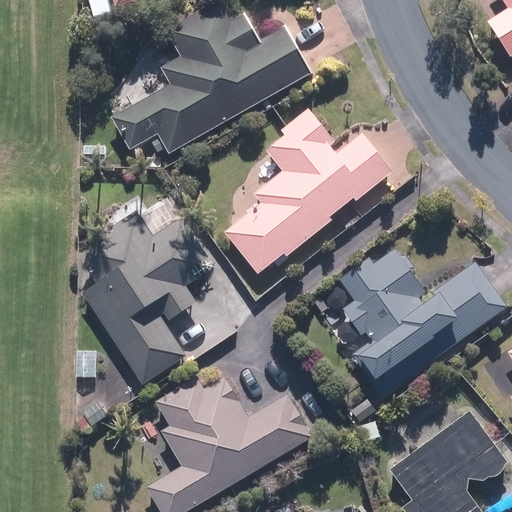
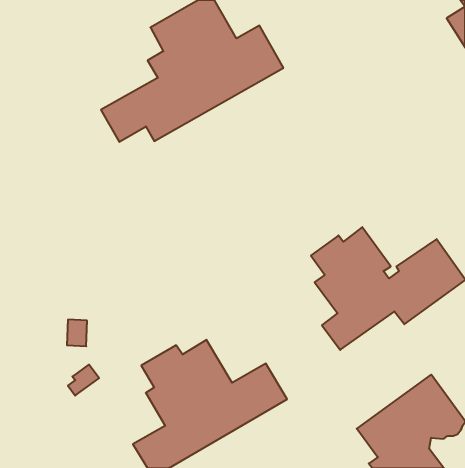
building: [224,107,393,273] -> none
building: [77,210,198,385] -> none

